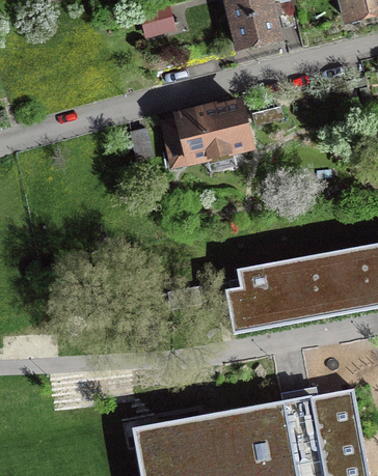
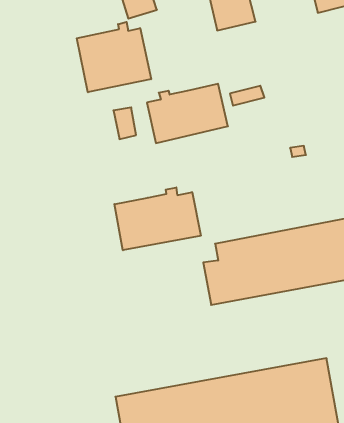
building: none -> [77,22,151,92]
building: none -> [114,187,201,250]

